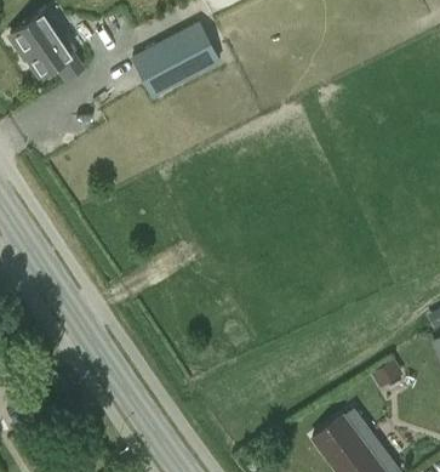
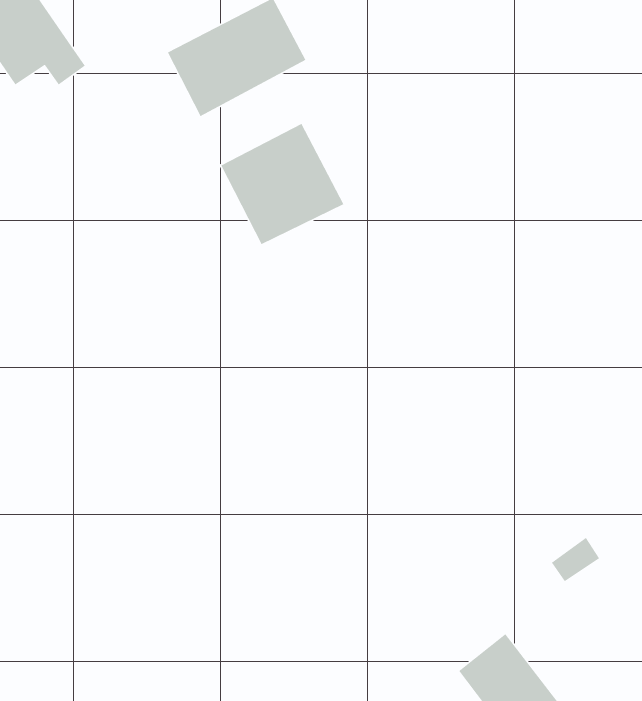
building: none -> [220,123,344,245]

